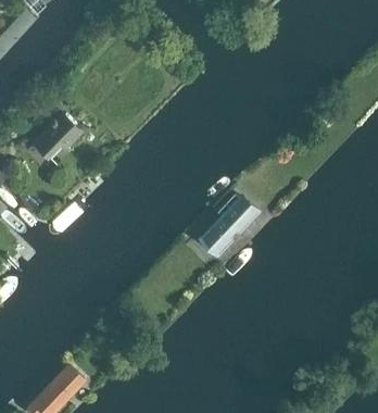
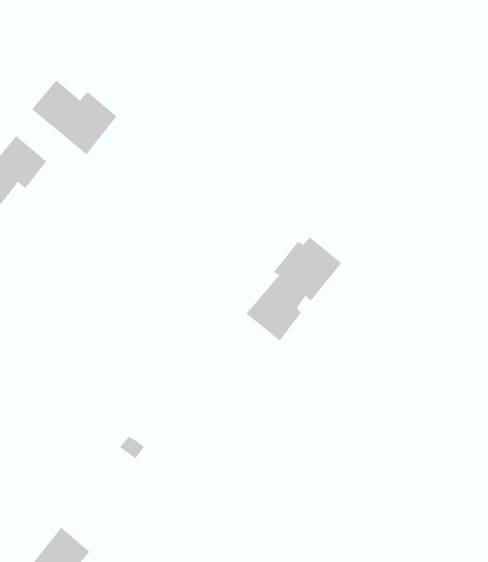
building: none -> [31,80,117,155]

